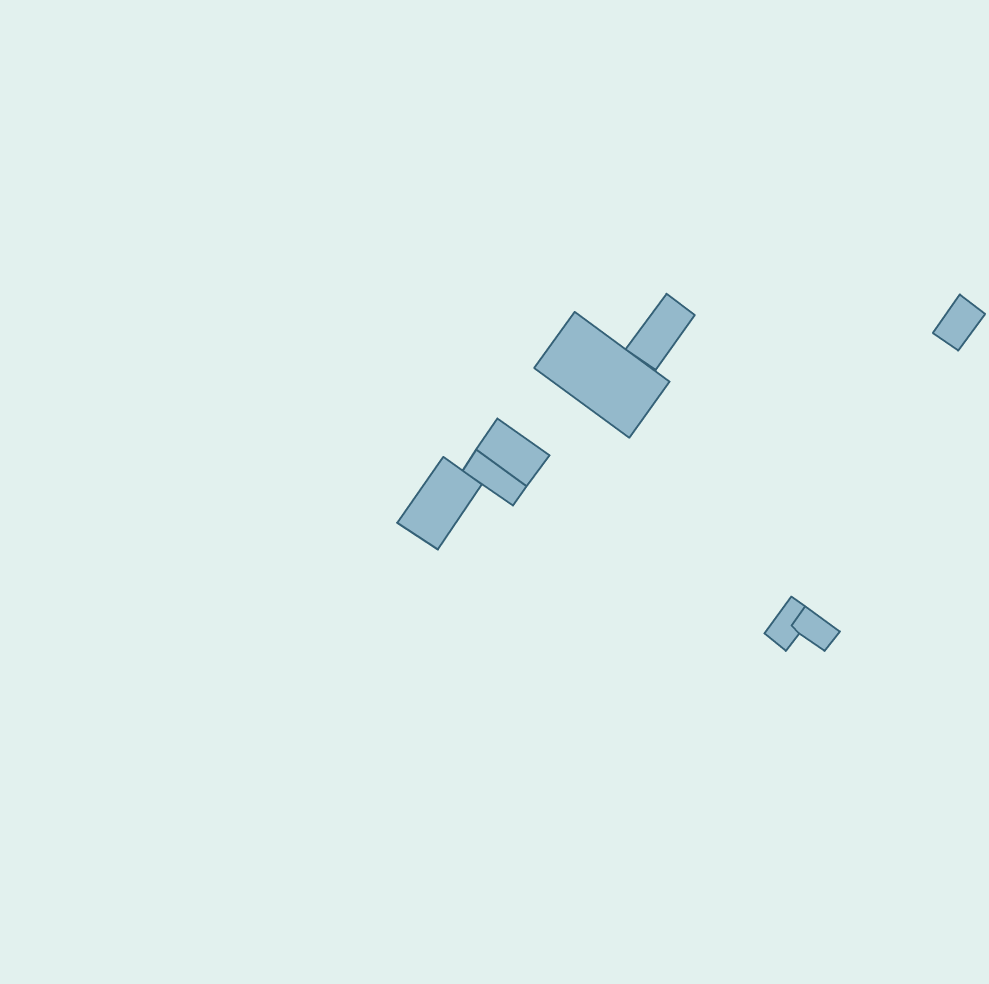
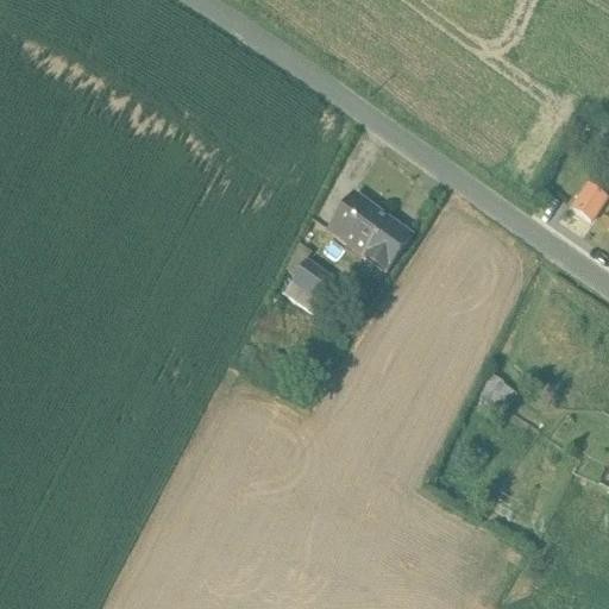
building: [626,294,695,370] -> none
building: [397,457,482,550] -> none

